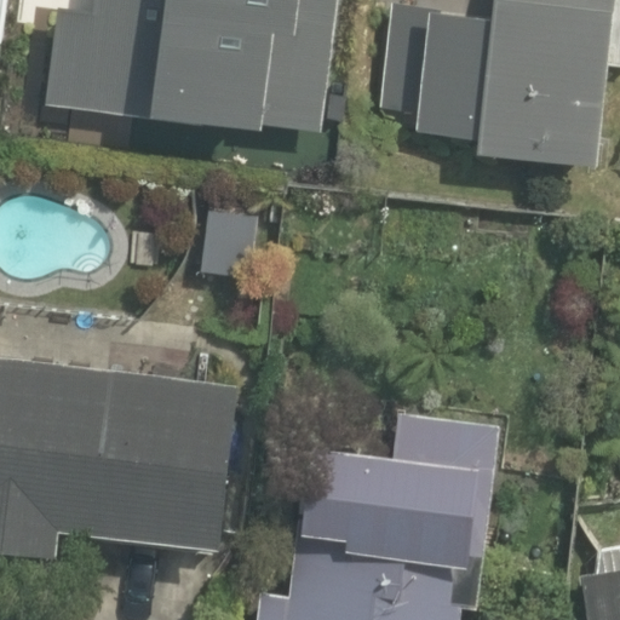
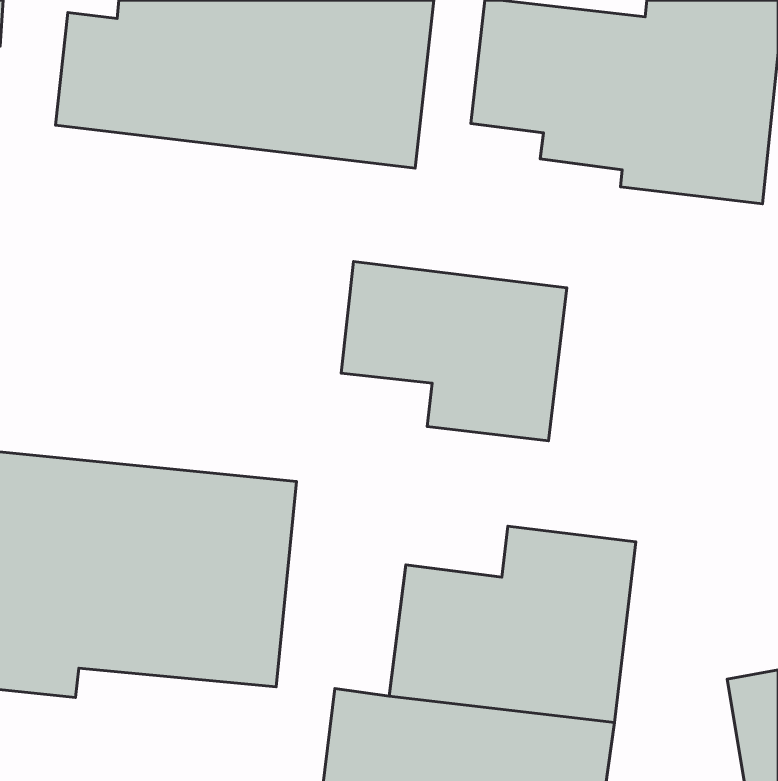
building: none -> [341,262,567,441]

